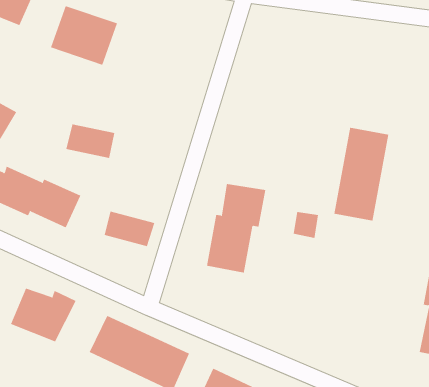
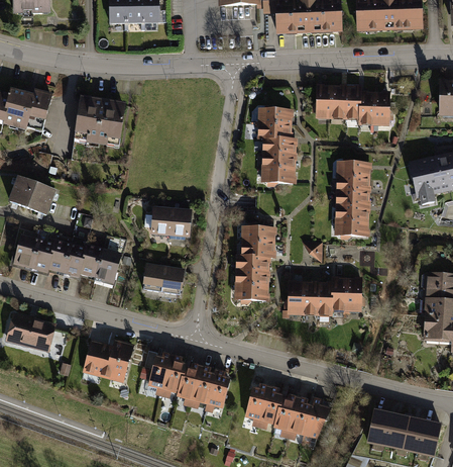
building: none -> [316,86,388,126]
building: none -> [256,109,296,184]
building: [66,124,115,159] -> [152,206,192,230]
building: none -> [288,277,361,314]

